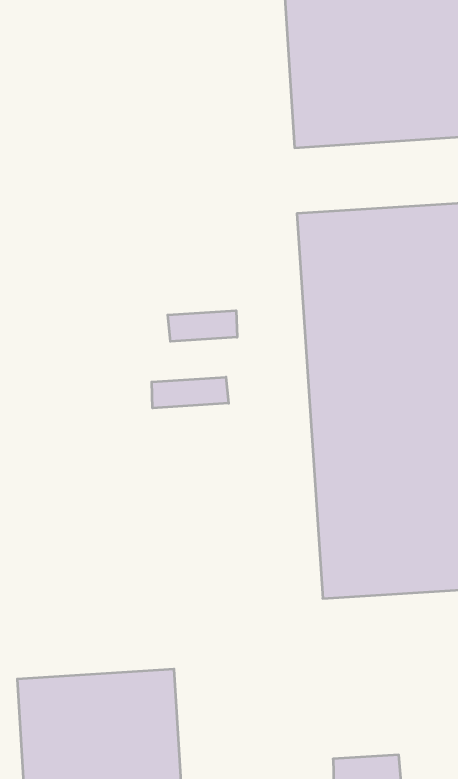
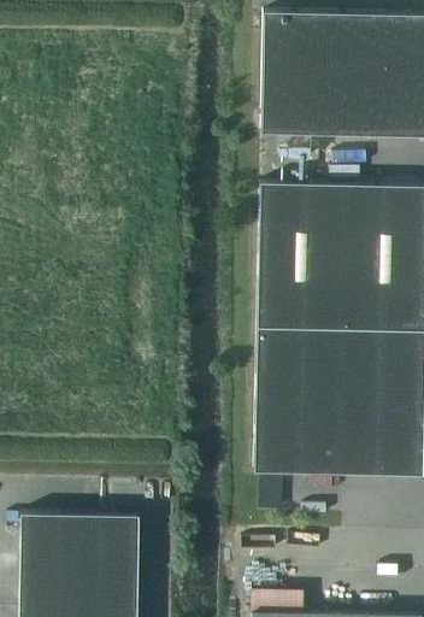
building: [168,311,237,341] -> none
building: [152,377,229,408] -> none

